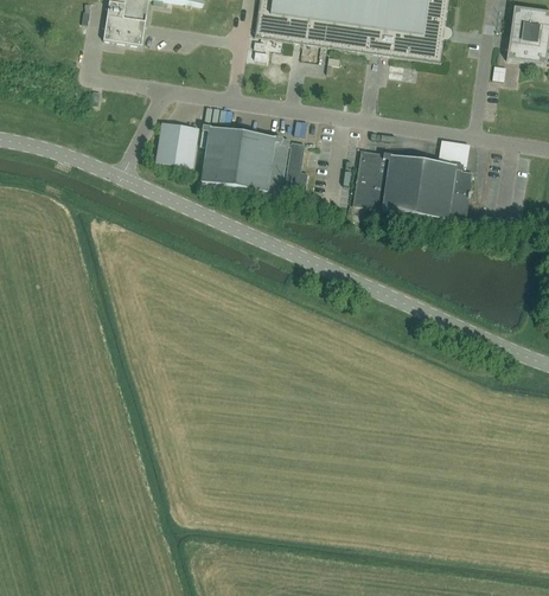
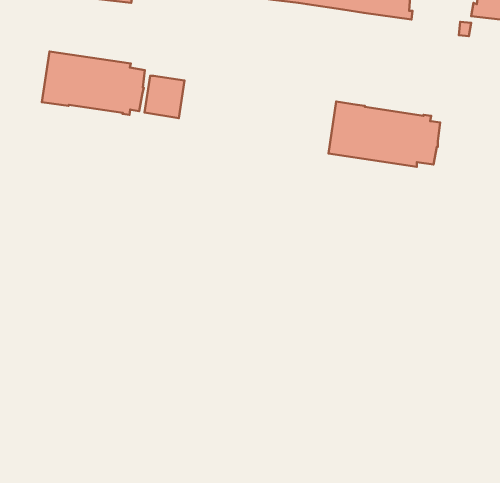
building: none -> [42,52,145,115]
building: [200,123,306,192] -> none

